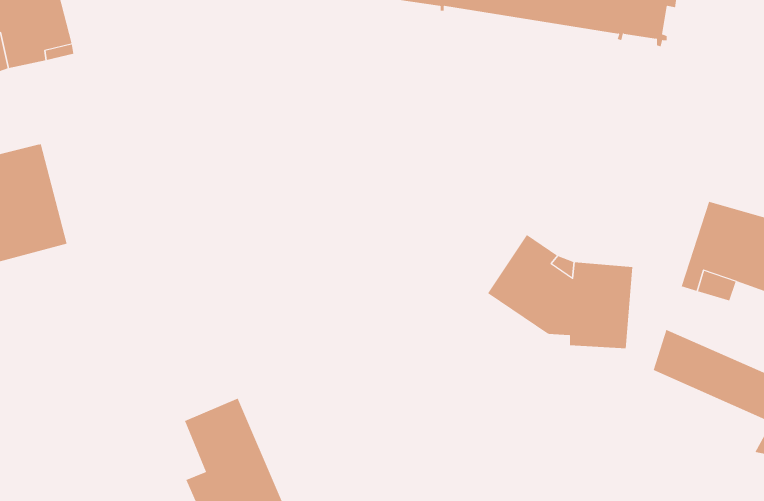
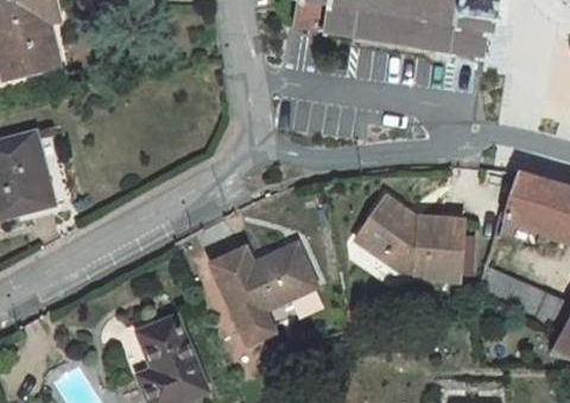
building: none -> [211,246,321,342]

